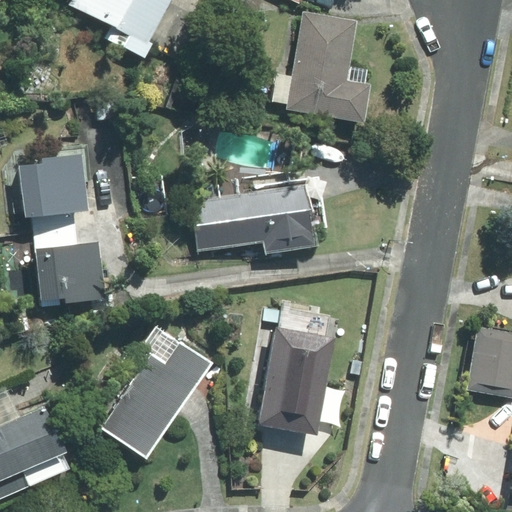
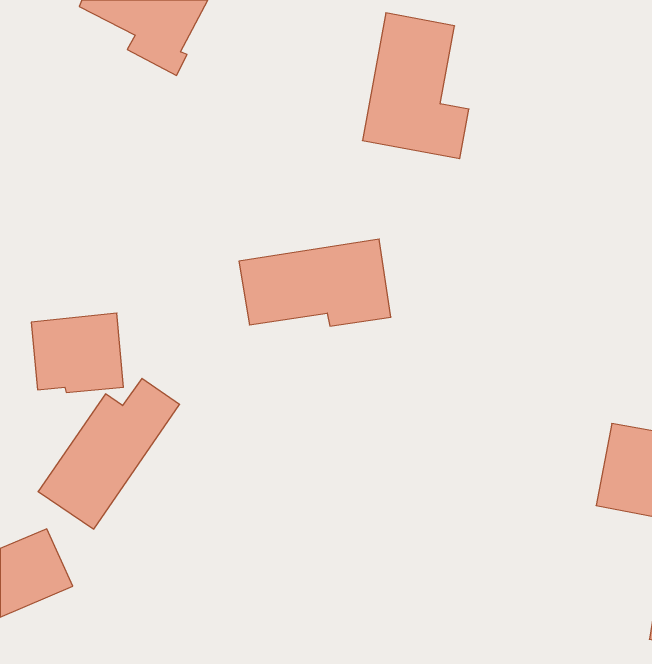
building: [16,153,87,217] -> none
building: [256,326,333,435] -> none
building: [101,342,210,458] -> [38,378,180,529]

